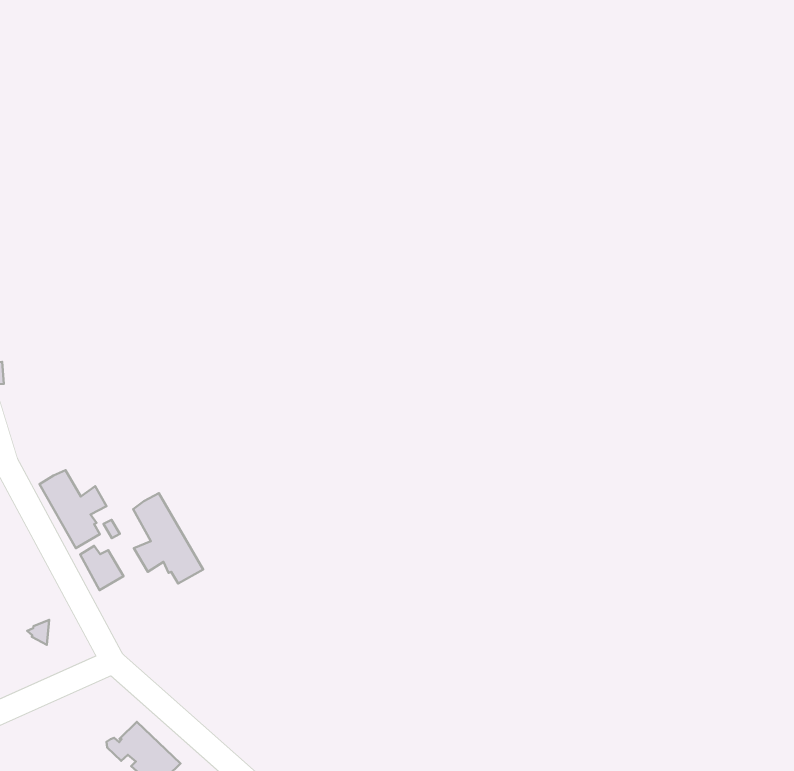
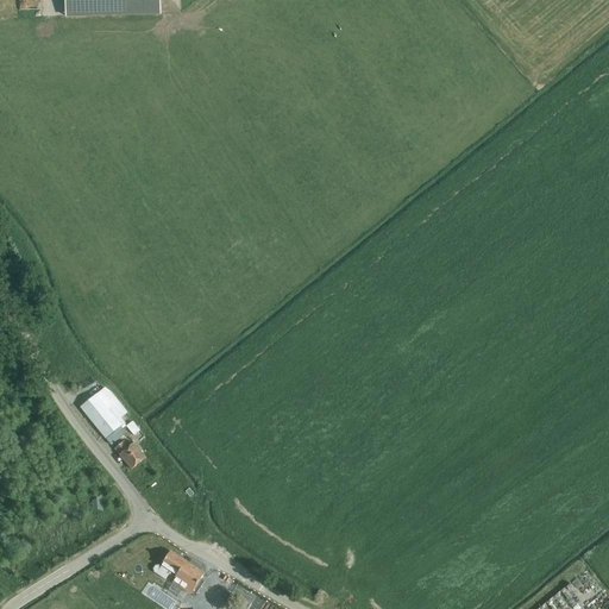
building: [133,493,203,584] -> none

